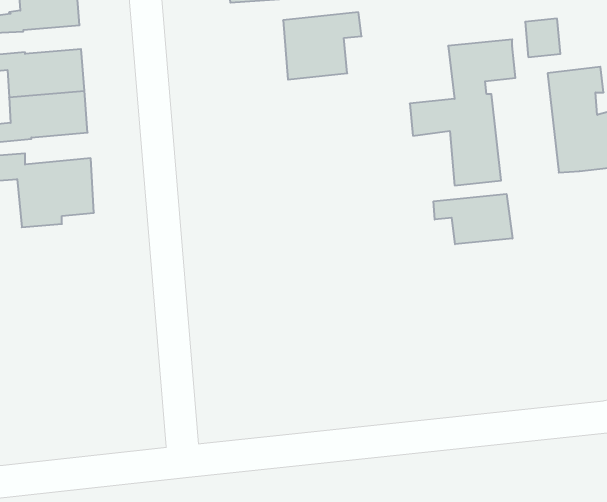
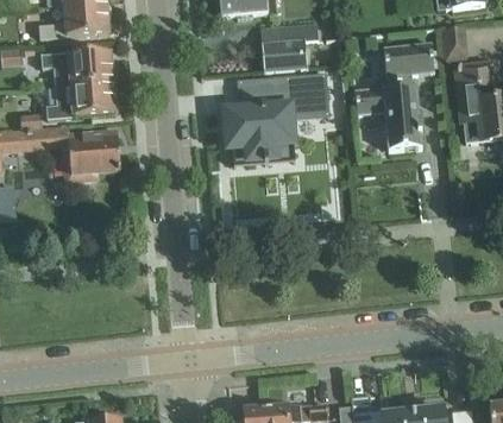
building: none -> [225,72,329,166]
building: [434,194,512,244] -> none

